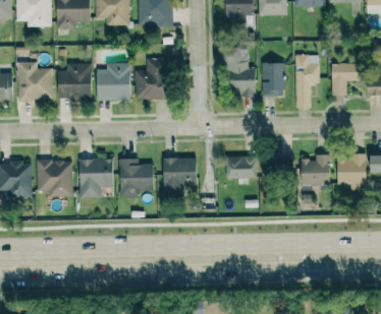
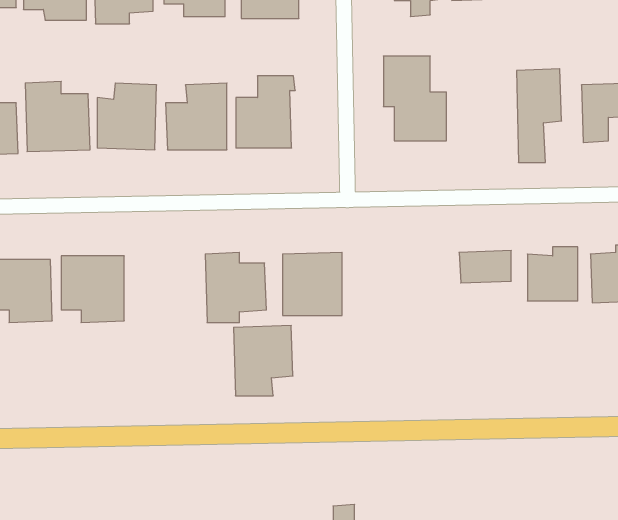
building: [262,62,285,96] -> none
building: [226,155,256,178] -> none
building: [79,158,113,197] -> [234,326,293,396]

